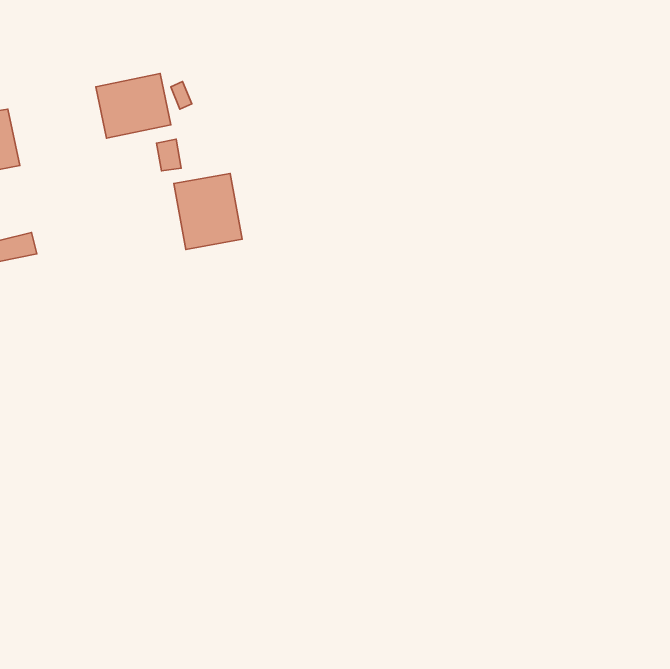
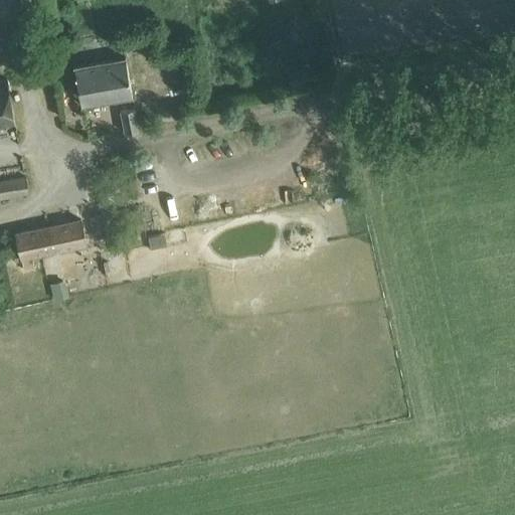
building: [174,173,242,249] -> none
building: none -> [14,221,85,262]

